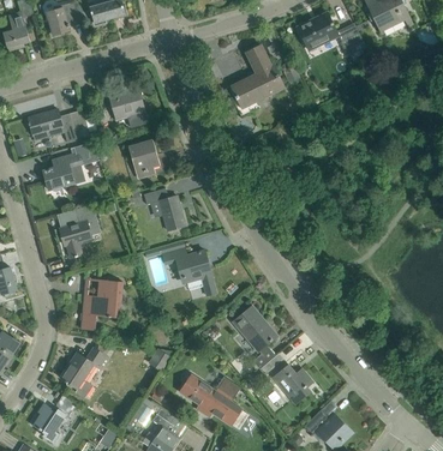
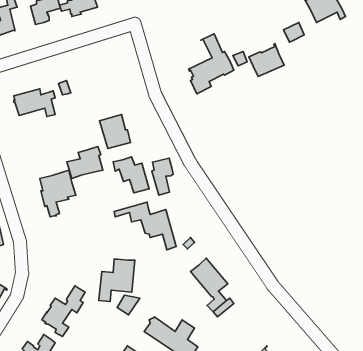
building: [297,12,337,50] -> [249,43,284,77]
building: [108,86,146,127] -> none
building: [42,152,84,190] -> [67,146,103,178]
building: none -> [152,158,173,195]
building: [80,281,122,330] -> [99,259,135,301]
building: [271,363,313,405] -> none

